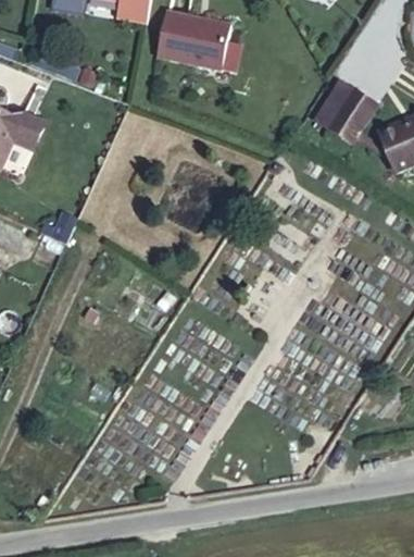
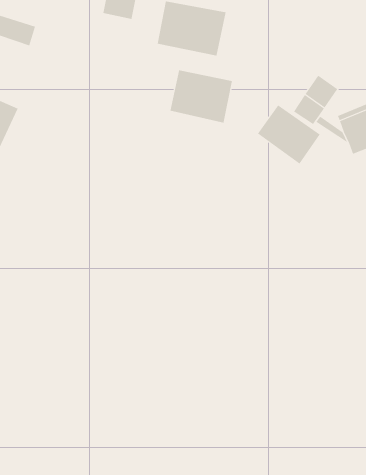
building: none -> [170,70,232,123]
building: none -> [257,105,320,165]

